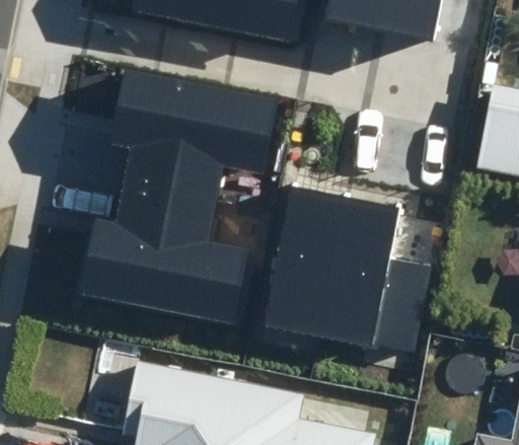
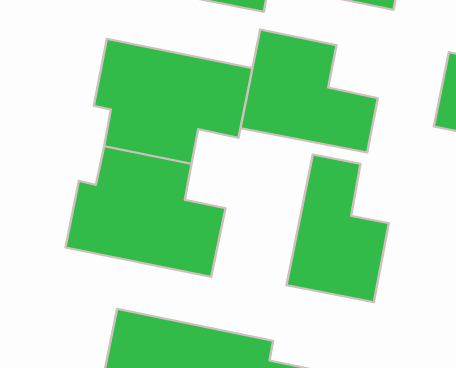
building: none -> [241,30,378,152]
building: [264,184,348,336] -> none

